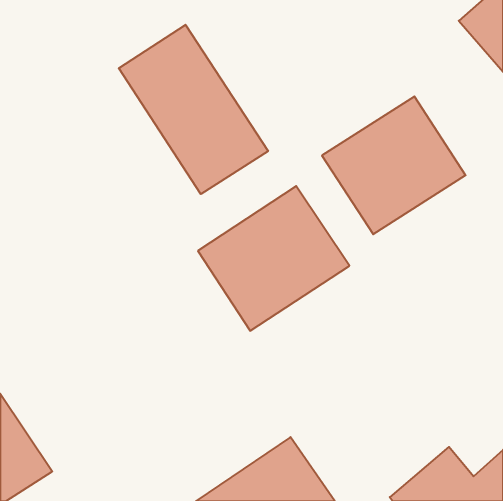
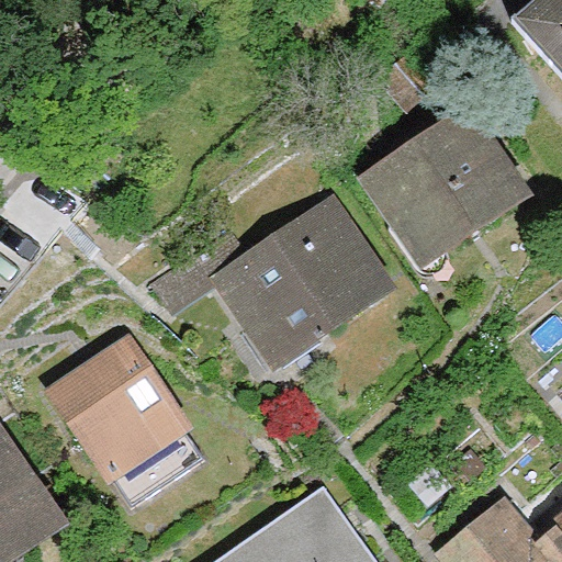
building: [119,25,268,194] -> none
building: none -> [54,342,204,507]

